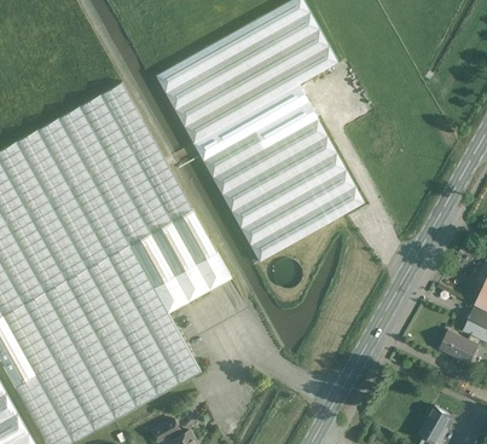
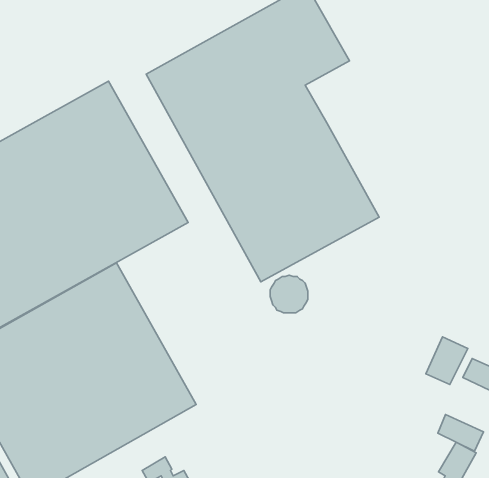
building: [129,209,231,313] -> none
building: none -> [426,337,468,385]
building: none -> [438,415,484,451]

